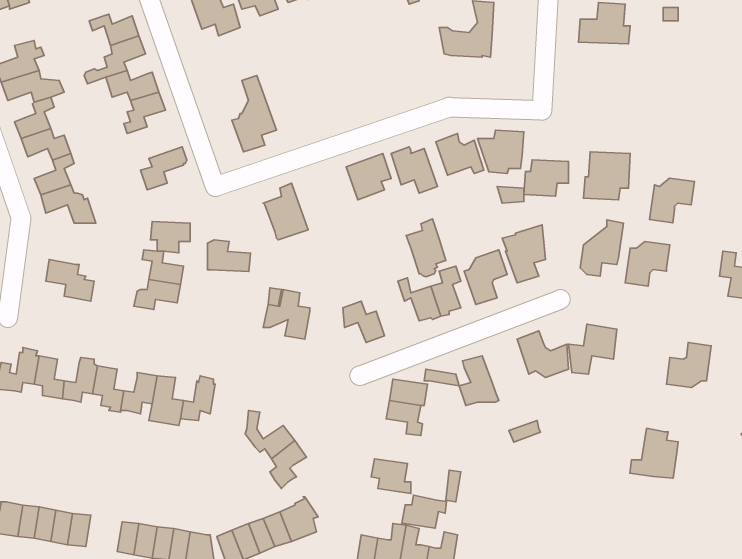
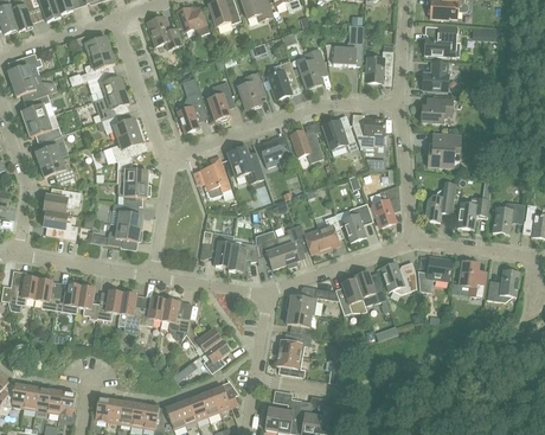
building: none -> [297,49,327,88]
building: none -> [364,51,392,83]
building: none -> [265,60,295,98]
building: none -> [422,62,447,90]
building: none -> [237,72,261,109]
building: none -> [207,81,231,120]
building: none -> [101,115,140,137]
building: [524,160,569,196] -> [419,97,451,123]
building: none -> [226,147,264,183]
building: [650,178,694,223] -> [492,201,524,234]
building: [406,219,446,277] -> [275,225,303,267]
building: none -> [43,188,79,213]
building: [208,240,251,271] -> [116,161,147,184]
building: none -> [226,242,256,271]
building: none -> [353,271,385,305]
building: none -> [160,296,187,340]
building: [630,428,678,478] -> [450,261,485,296]
building: [402,495,447,528] -> [277,332,309,356]

